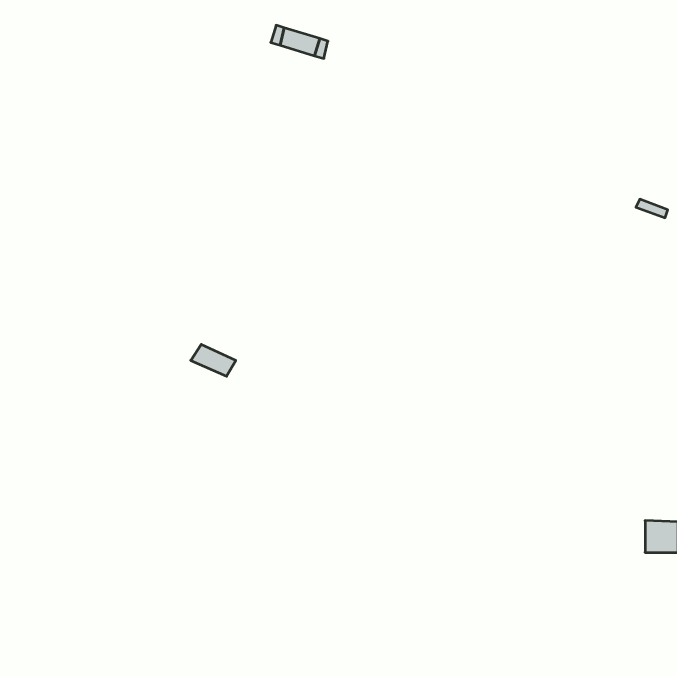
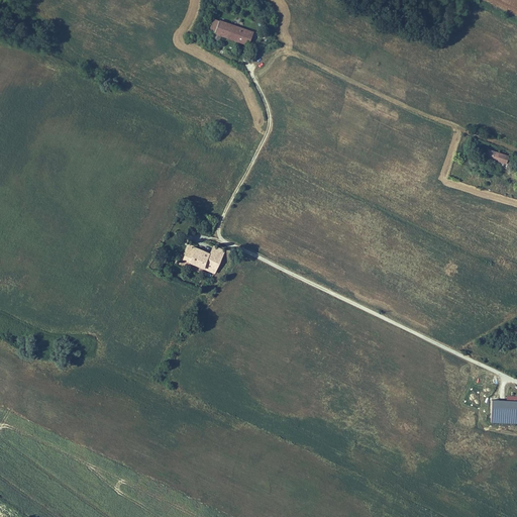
building: [191,344,236,376] -> [191,247,225,272]

